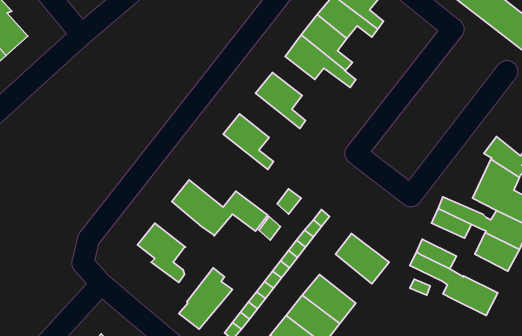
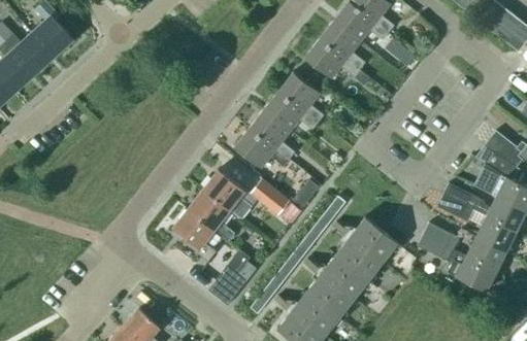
building: none -> [264,91,319,131]
building: none -> [235,128,290,168]
building: none -> [188,189,235,241]
building: none -> [336,236,384,280]
building: none -> [466,236,506,271]

